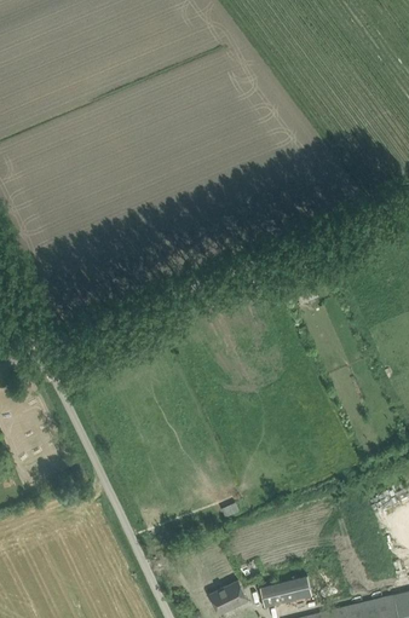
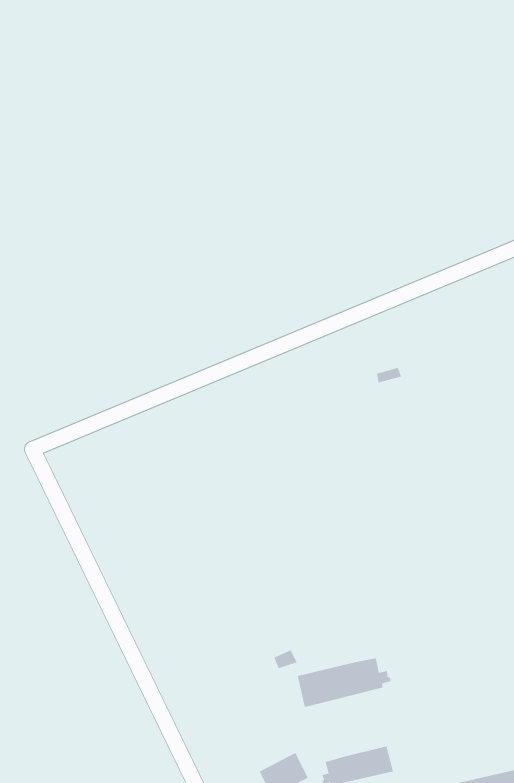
building: none -> [297,658,391,708]

